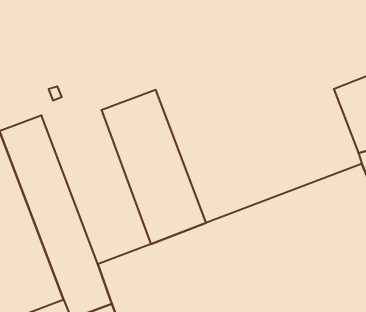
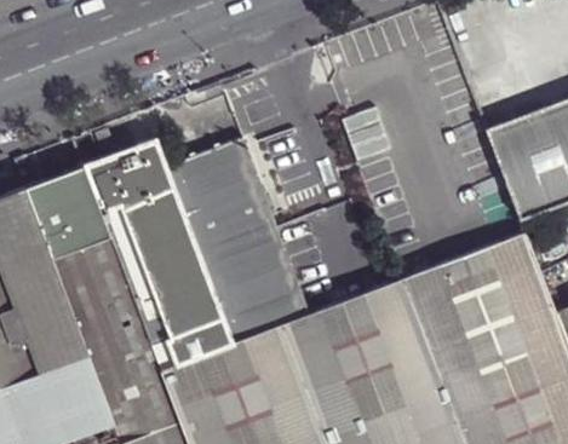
building: none -> [84,138,234,370]

